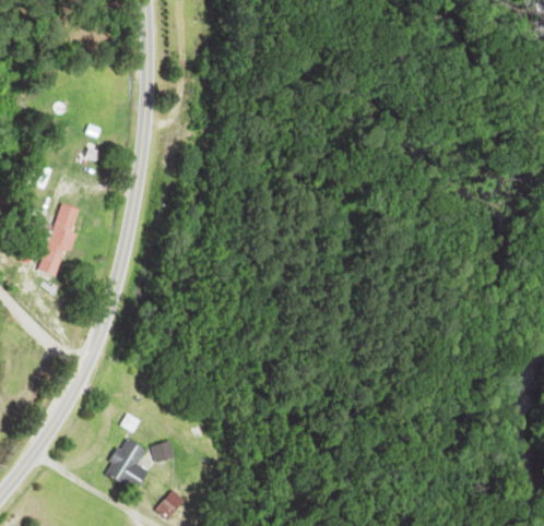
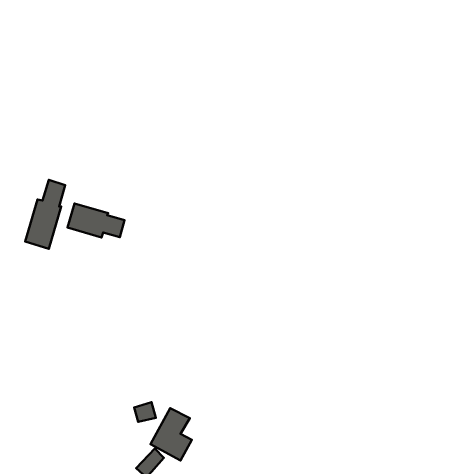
building: none -> [68,203,124,237]
building: [105,435,149,491] -> [151,408,192,461]

